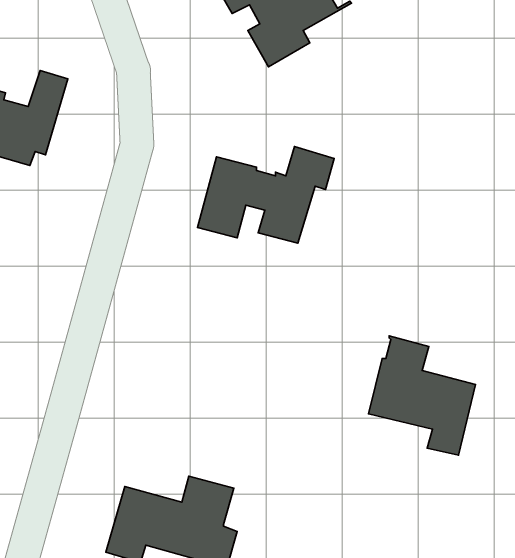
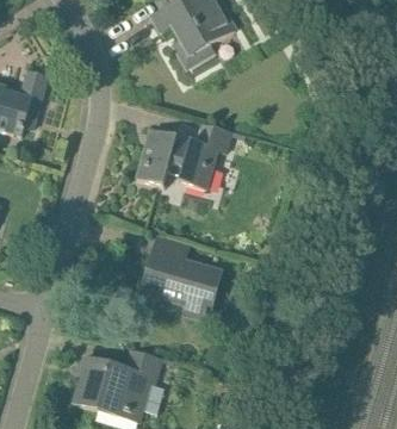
building: [368,336,476,455] -> [145,237,219,319]

